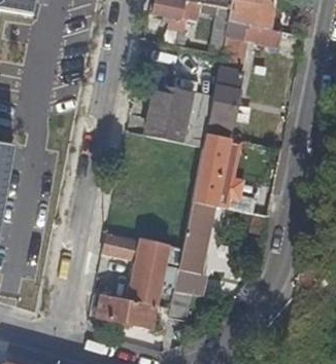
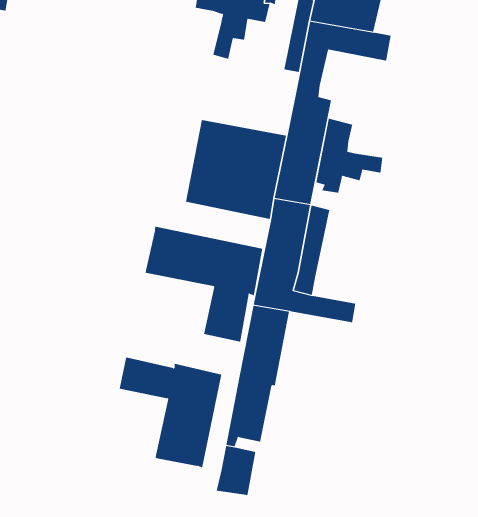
building: none -> [316,118,383,194]
building: none -> [145,226,263,342]
building: [94,293,157,327] -> none

